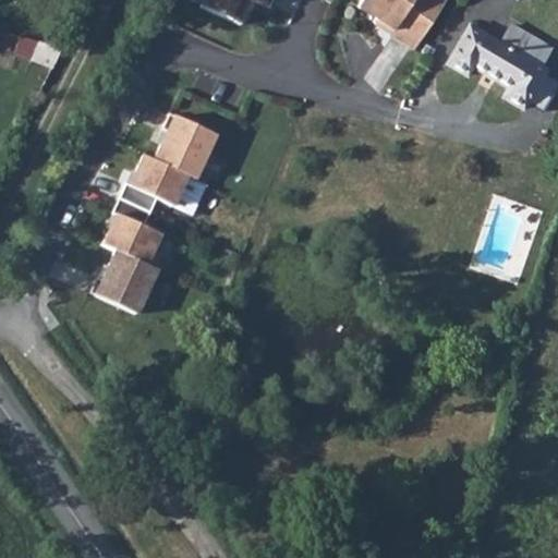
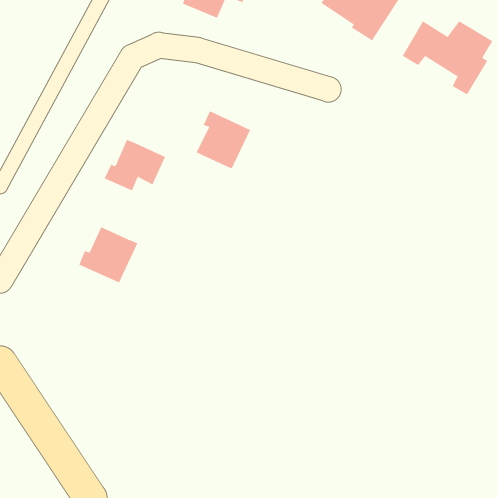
building: [156,112,217,178] -> [196,110,251,169]
building: [104,198,160,266] -> none

